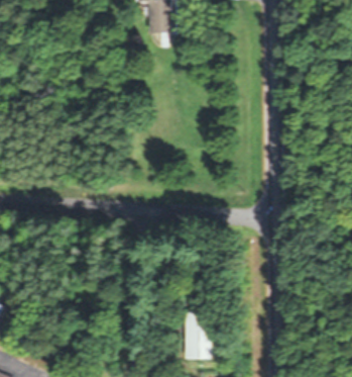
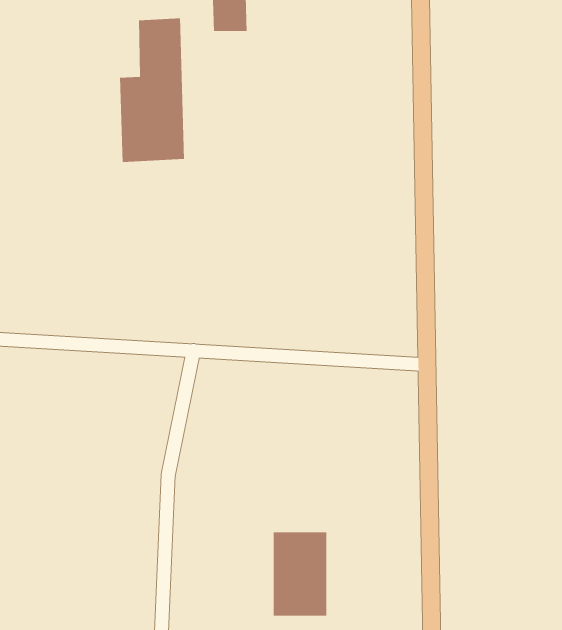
building: none -> [119,18,185,163]

